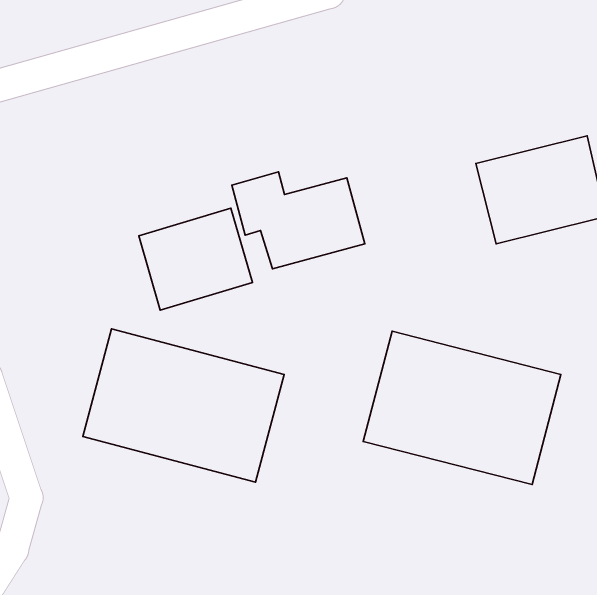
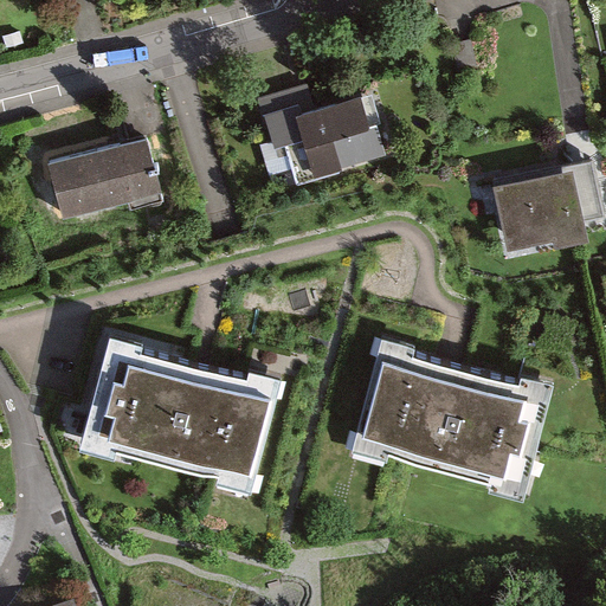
building: [232,172,365,269] -> [250,86,381,182]
building: [139,208,252,310] -> [39,138,152,239]

